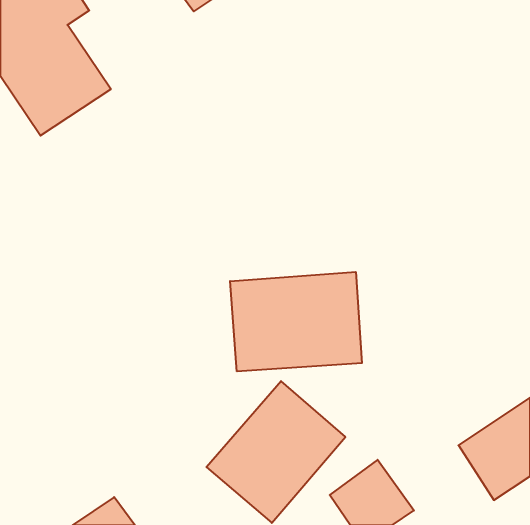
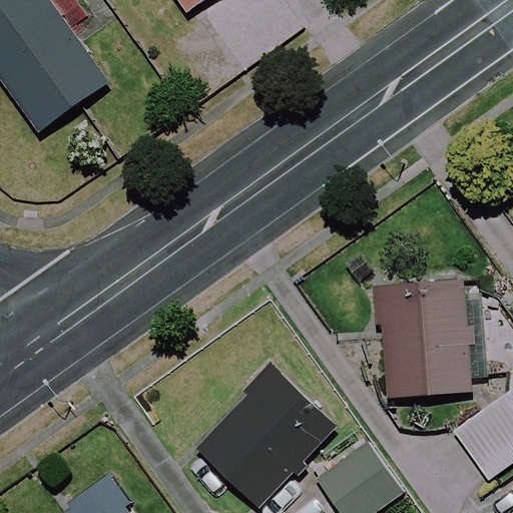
building: [230,272,362,371] -> none
building: none -> [378,282,473,397]

